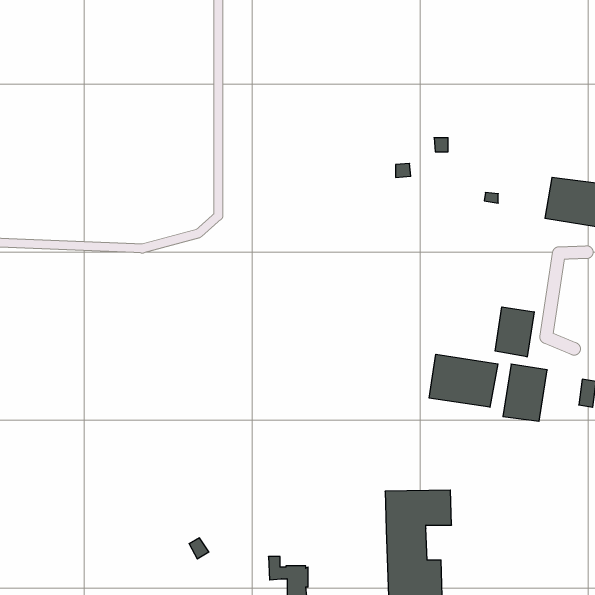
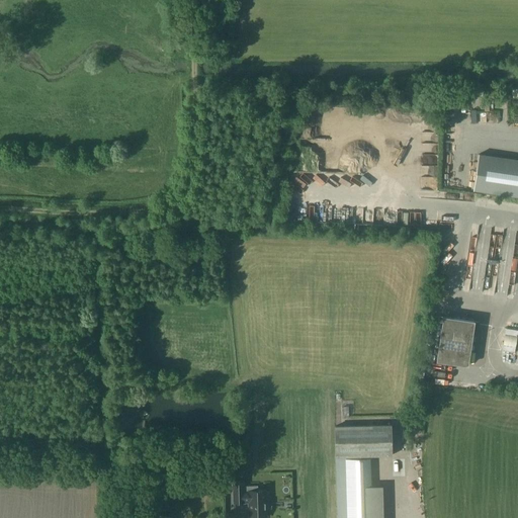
building: [495,307,534,357] -> none
building: [429,354,498,407] -> none

